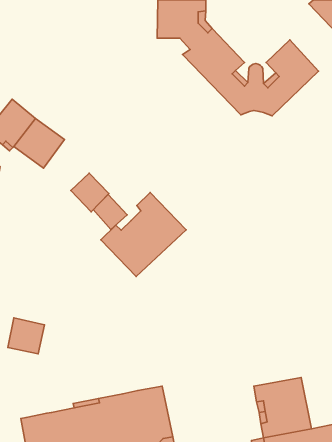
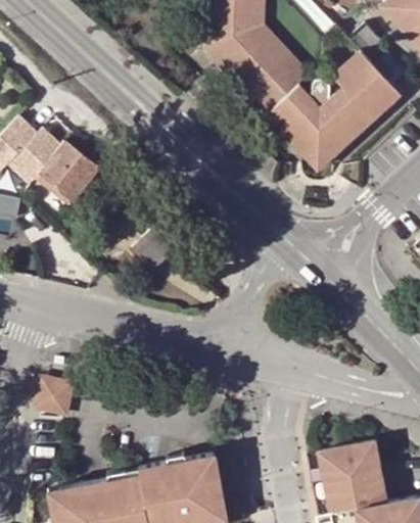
building: none -> [206,48,401,168]
building: [71,173,109,212] -> none
building: [101,193,186,276] -> none

